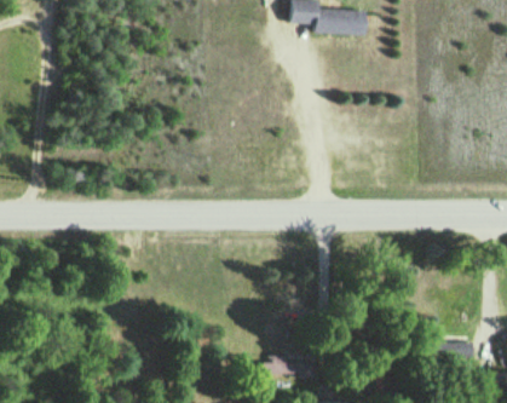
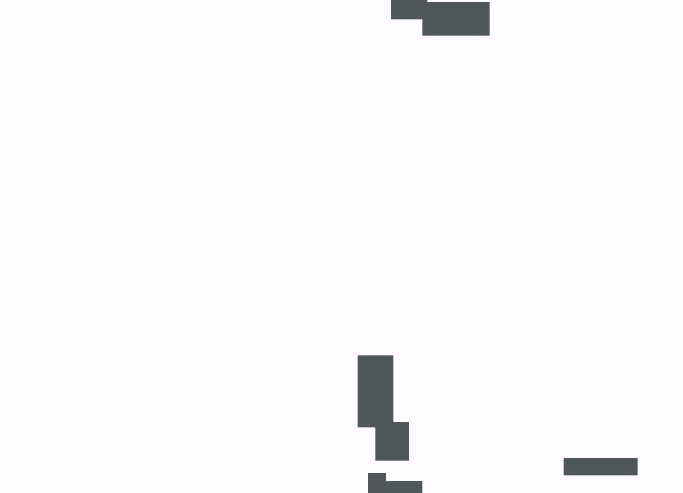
building: none -> [357,354,410,462]

